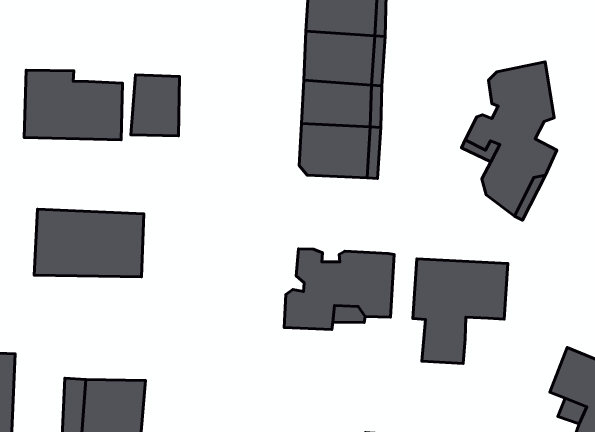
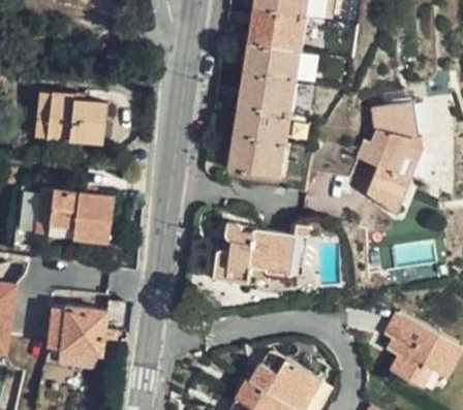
building: [131,75,180,136] -> none
building: [413,259,508,364] -> none

